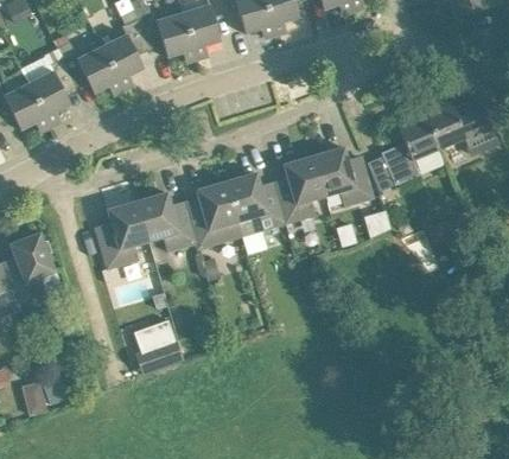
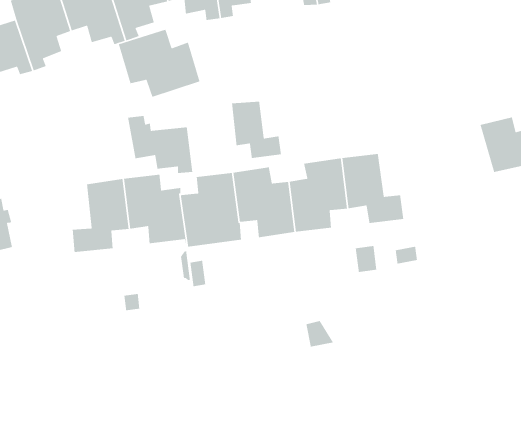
building: none -> [118,29,201,98]
building: [368,109,441,190] -> none
building: none -> [231,101,282,159]
building: none -> [127,115,193,174]
building: [134,318,183,372] -> none

